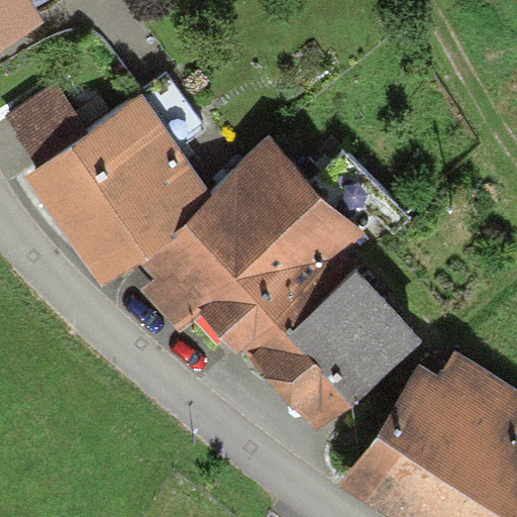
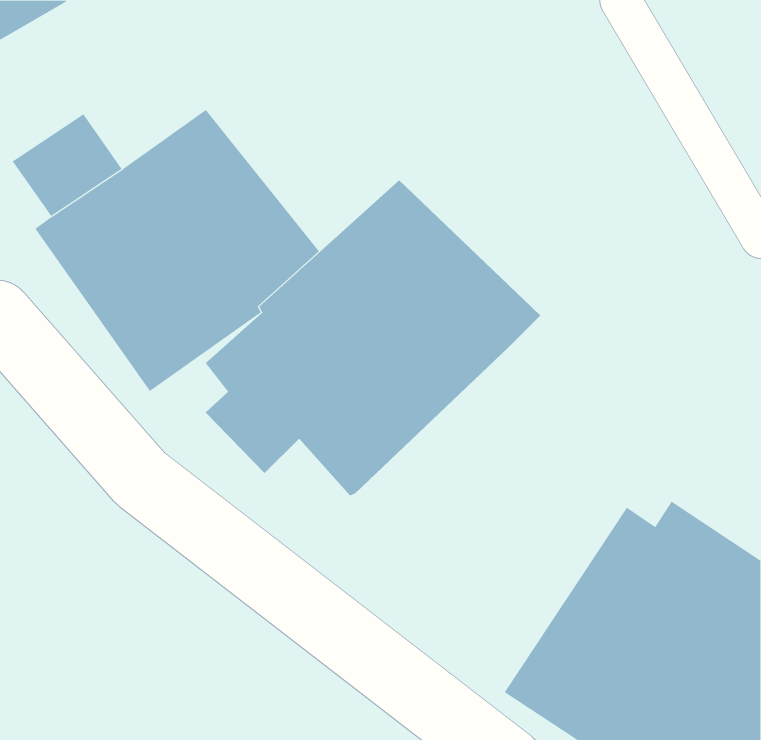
building: [240,250,425,437] -> none

